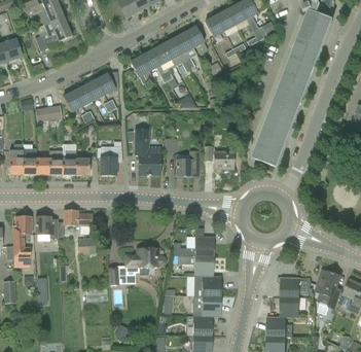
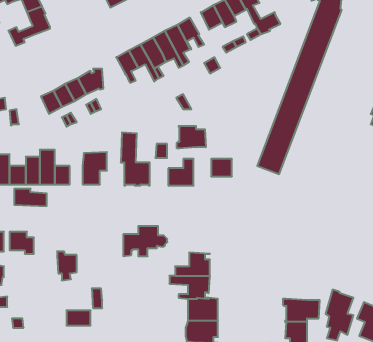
building: none -> [177,126,206,148]
building: [63,210,92,225] -> [14,189,47,206]
building: [125,248,165,275] -> [123,226,167,256]

